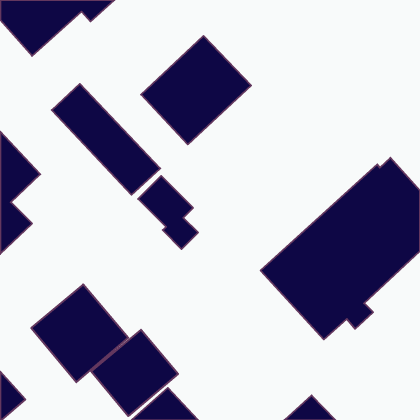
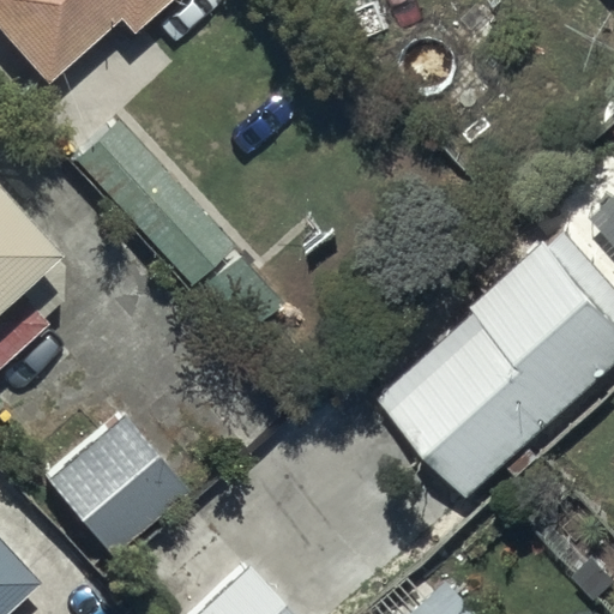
building: [141,36,251,144] -> none
building: [91,330,178,416] -> none

